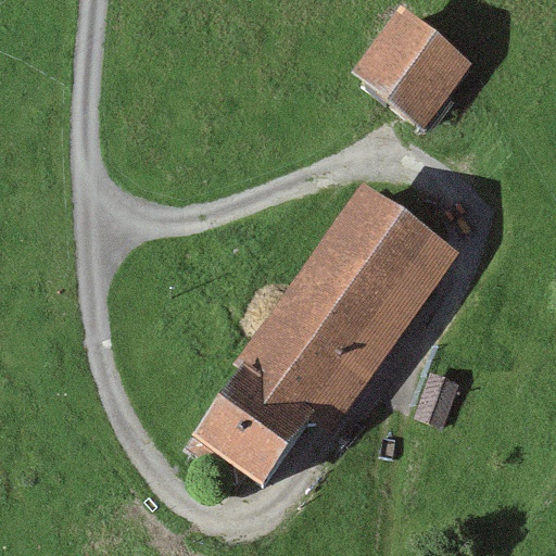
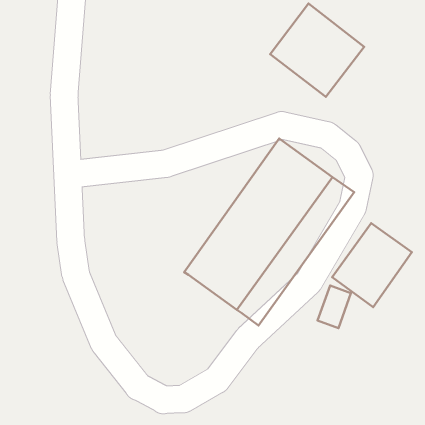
building: none -> [332,223,412,307]
building: [186,357,315,484] -> none

